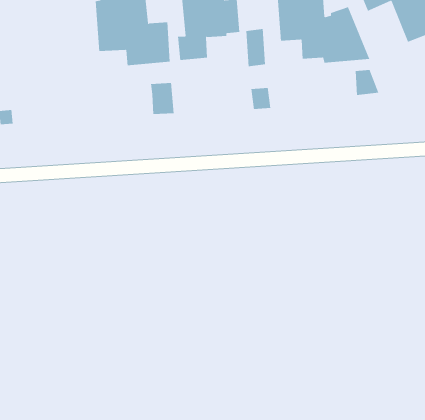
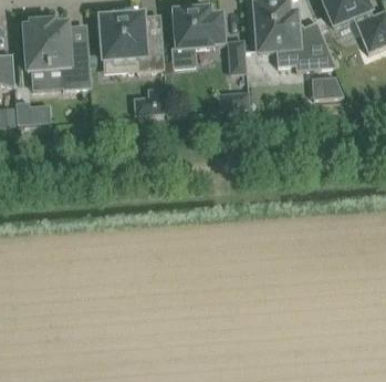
building: none -> [23,19,91,89]

